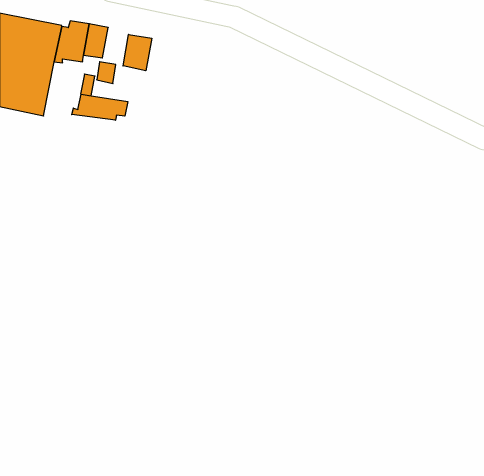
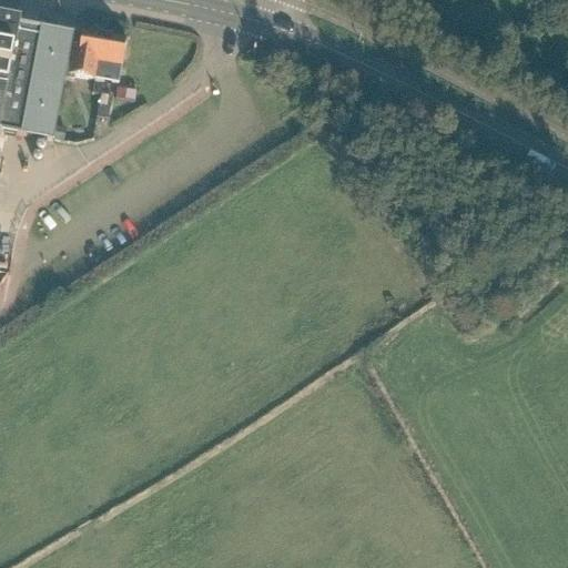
building: [123,34,152,71] -> none
building: [72,94,128,120] -> none

